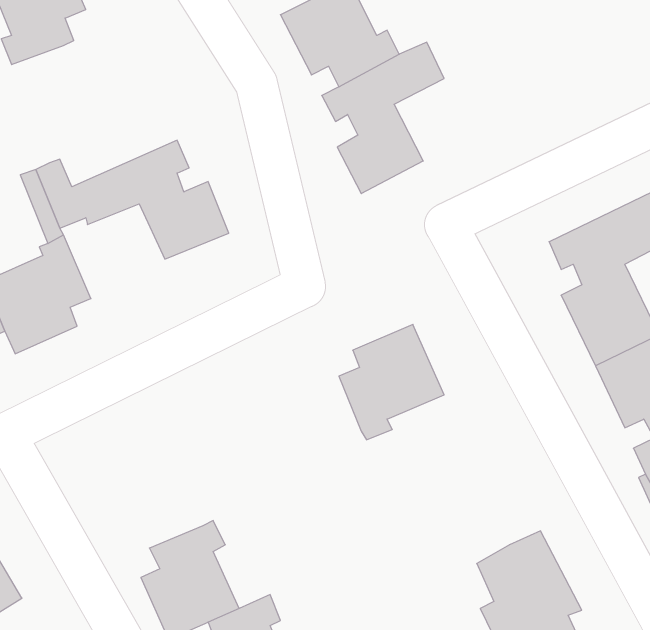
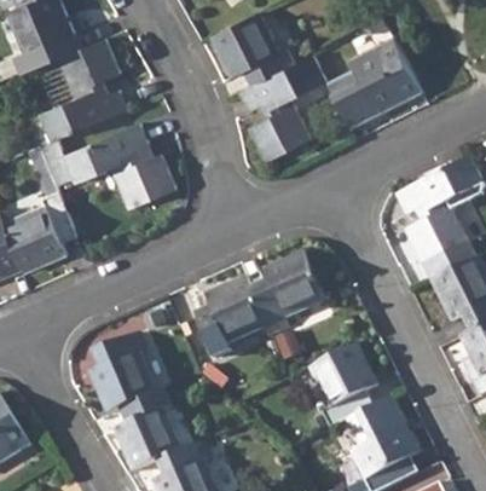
building: none -> [36,37,125,139]
building: none -> [328,37,422,129]
building: none -> [195,277,267,358]
building: none -> [87,334,156,416]
building: none -> [309,345,378,429]

